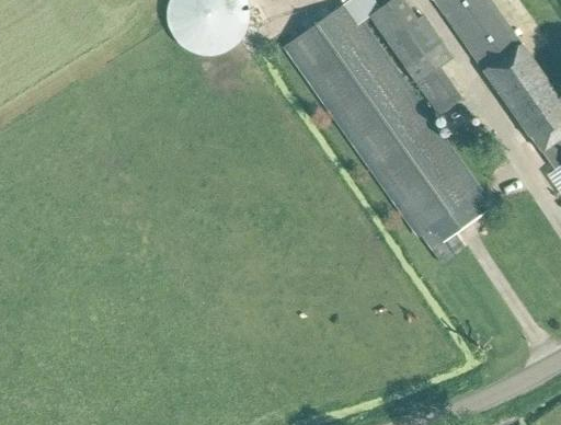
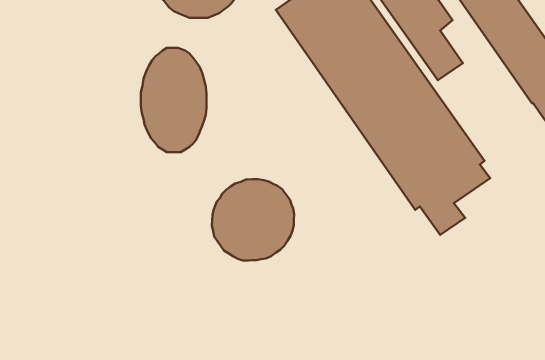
building: none -> [141,48,207,152]
building: none -> [212,179,294,260]

